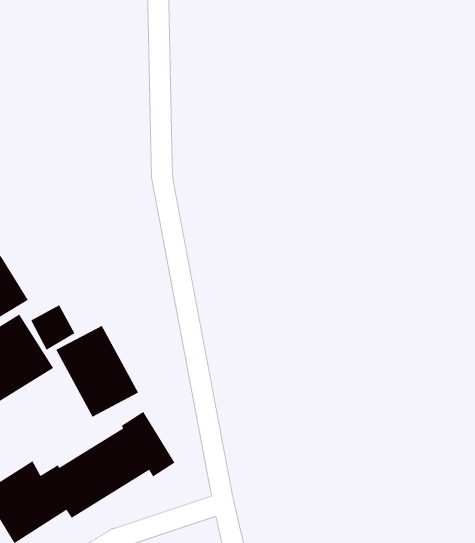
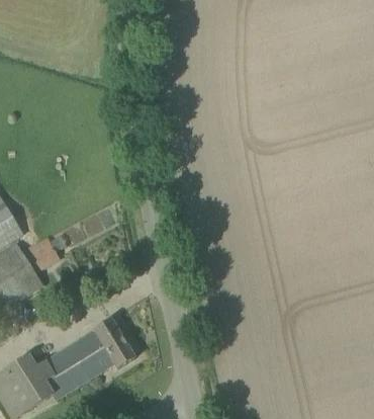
building: [55,325,139,418] -> none

